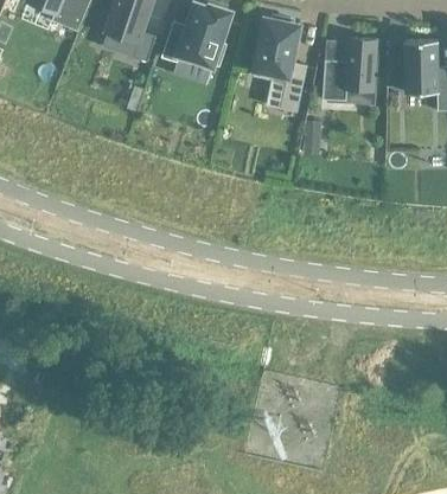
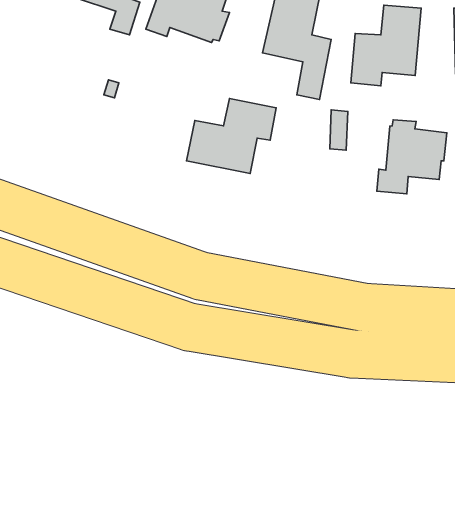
building: none -> [187,99,276,174]
building: none -> [377,120,447,194]

